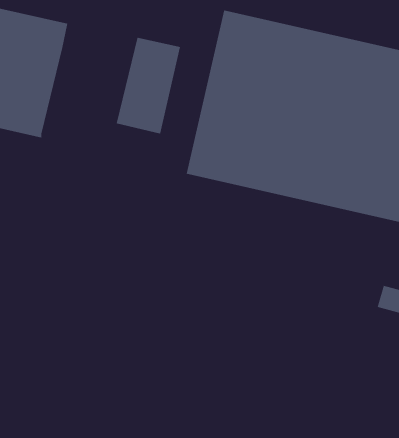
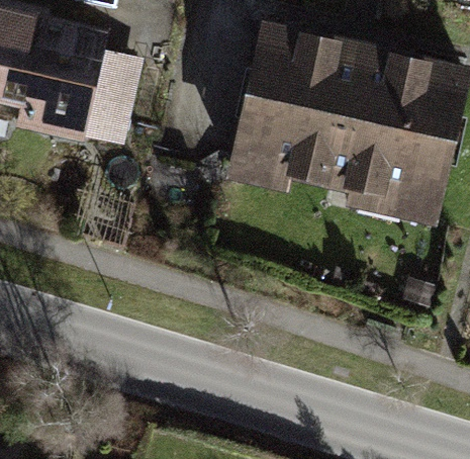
building: [116,37,181,134] -> [83,55,146,148]

